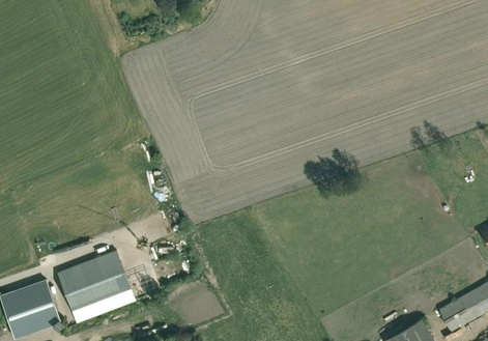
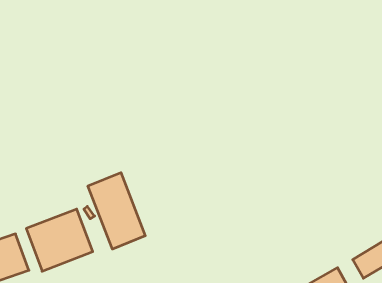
building: none -> [88,173,145,249]

